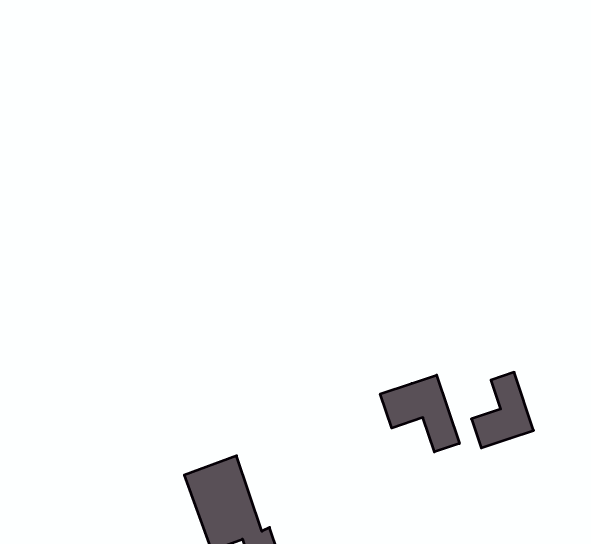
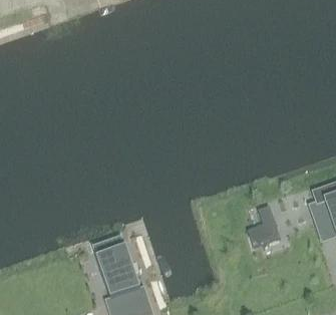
building: [380,375,459,452] -> none

